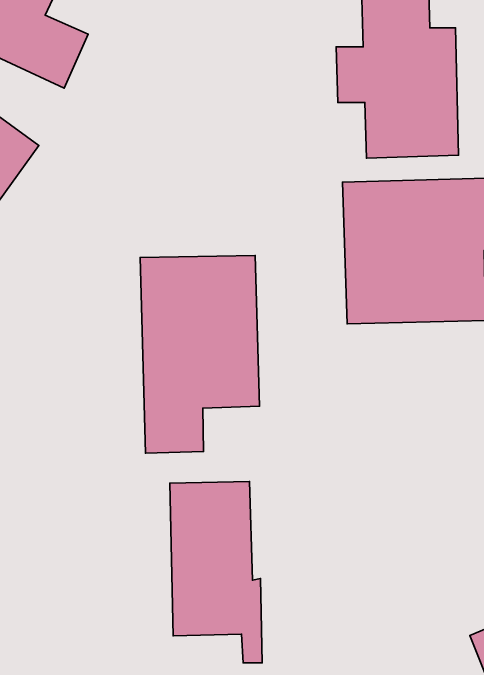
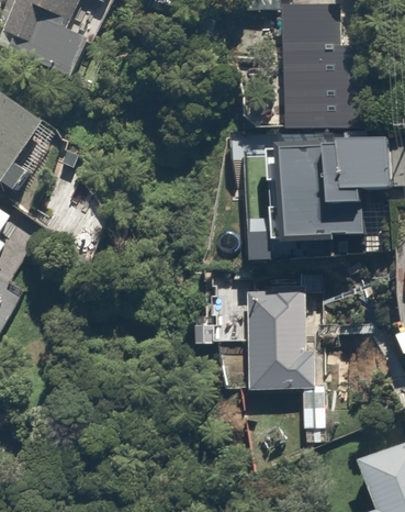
building: [140,255,259,453] -> none
building: [170,481,262,663] -> [246,283,310,409]

